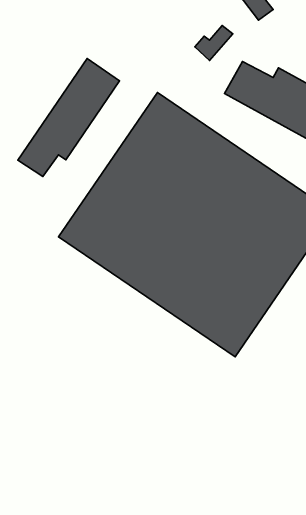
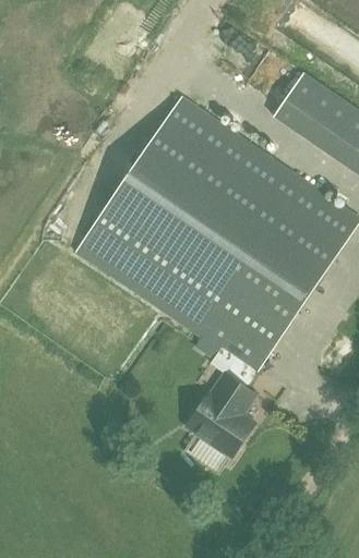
building: [18,59,120,177] -> none
building: none -> [186,375,253,458]

